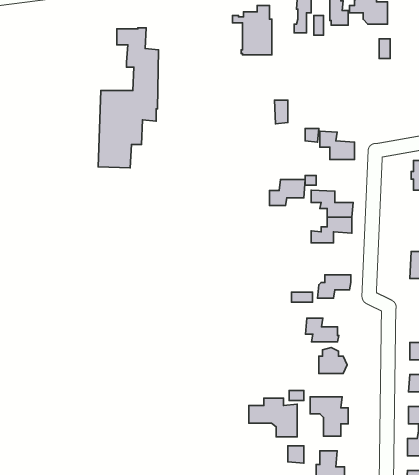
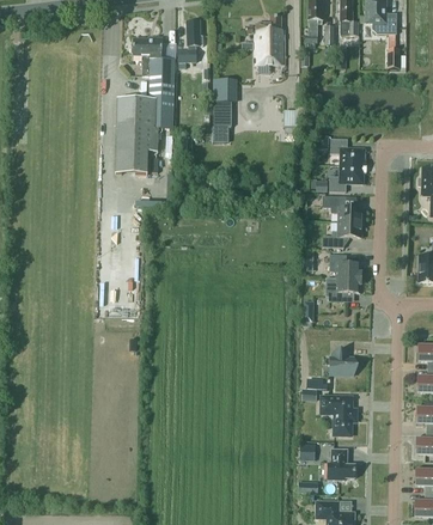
building: none -> [177,20,202,61]
building: none -> [213,79,231,124]
building: [269,180,305,205] -> [329,165,364,190]
building: [305,318,339,342] -> [329,255,361,277]
building: [249,398,297,437] -> none

